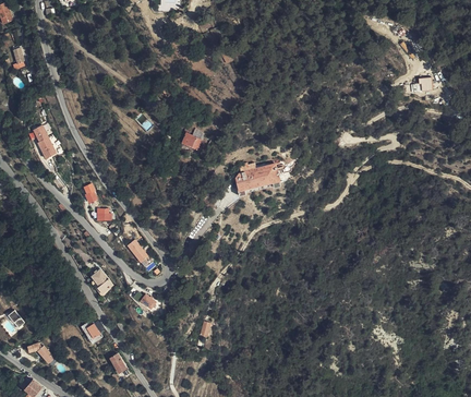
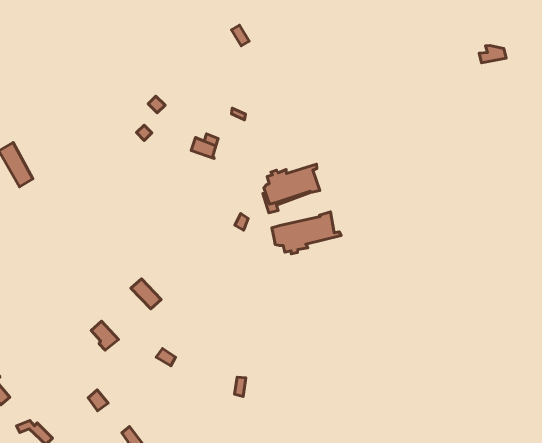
building: none -> [272,212,341,254]

